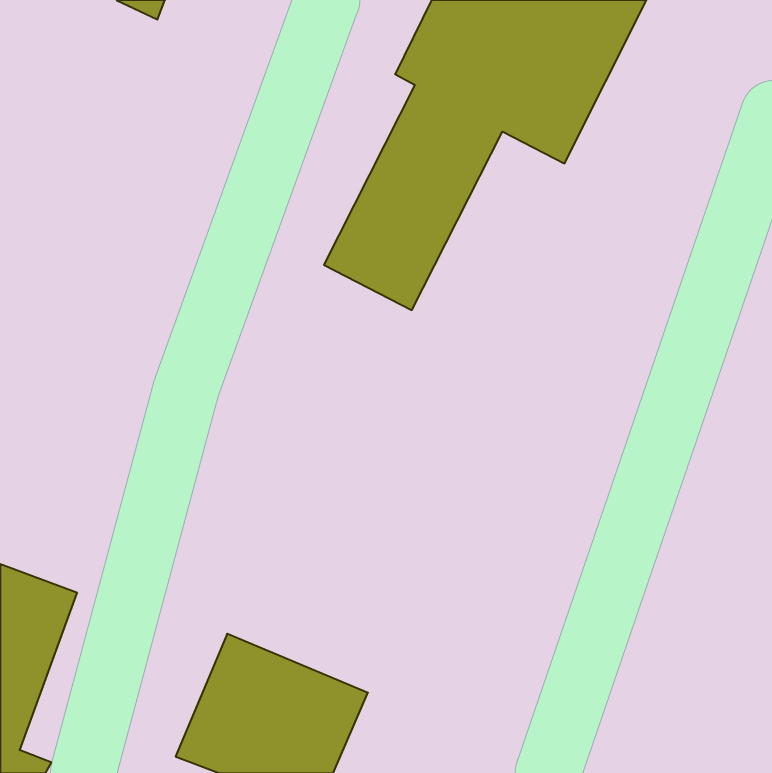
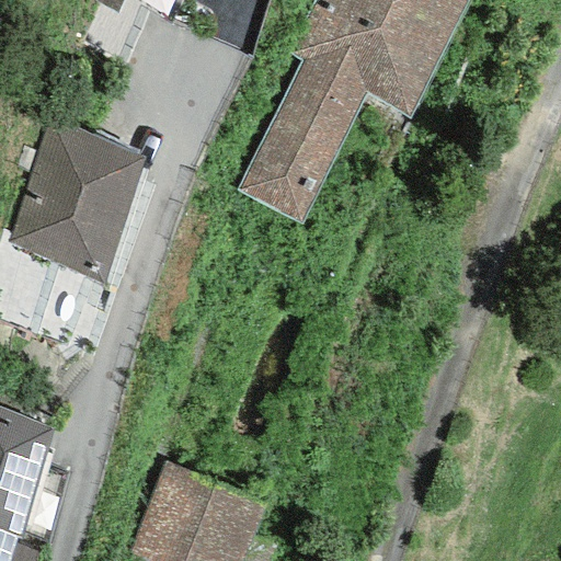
building: none -> [8,116,146,287]

